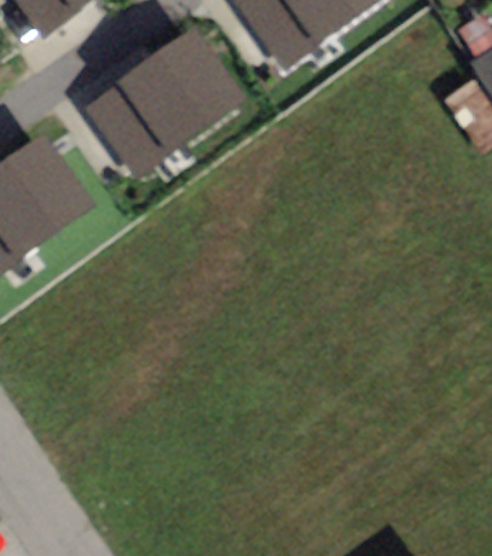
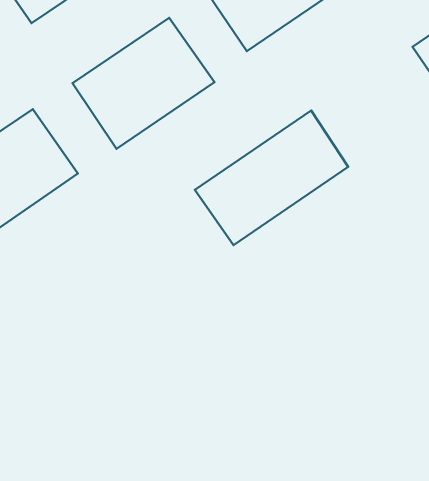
building: none -> [195,111,348,245]

